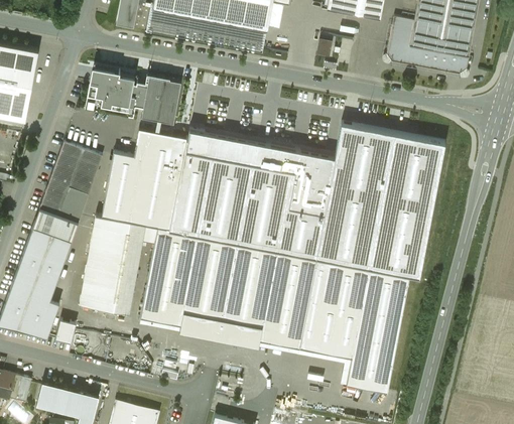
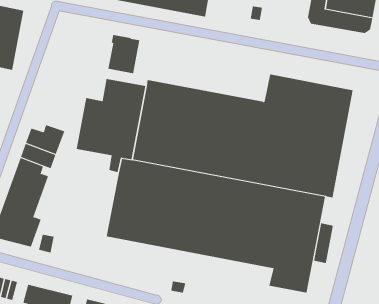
building: [89,69,147,111] -> none
building: [46,141,103,194] -> none
building: [79,215,145,315] -> none
building: none -> [313,222,333,264]

